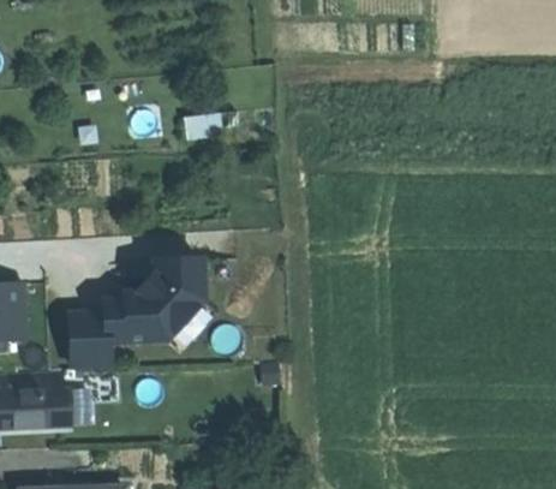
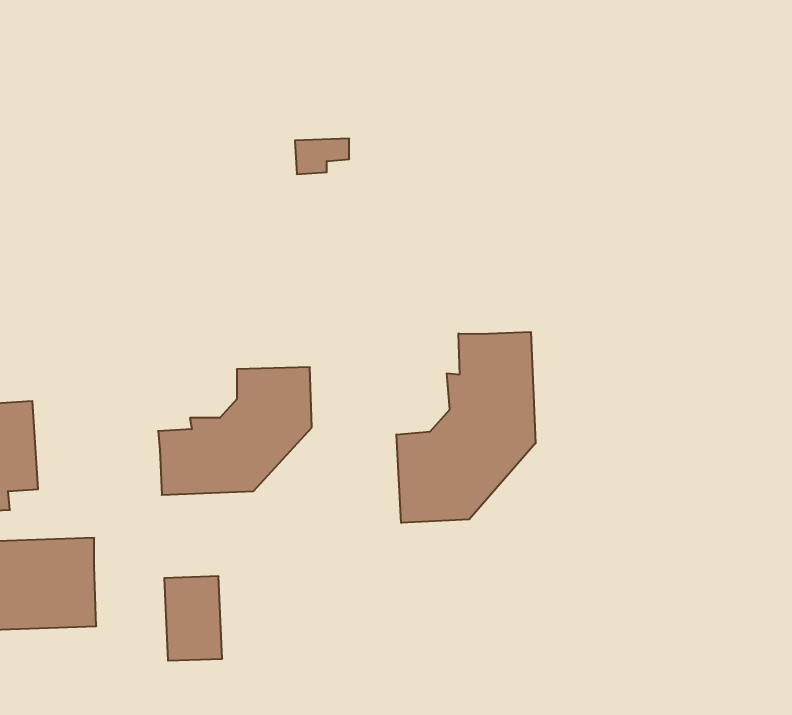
building: none -> [396,332,536,523]
building: [70,314,107,368] -> [164,576,222,661]

